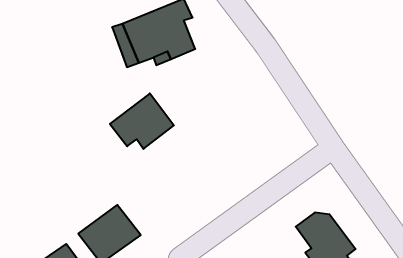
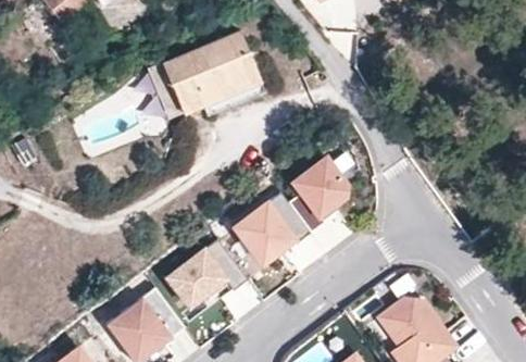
building: [110,93,174,149] -> [166,238,247,308]
building: none -> [288,159,348,233]
building: none -> [235,203,293,263]

